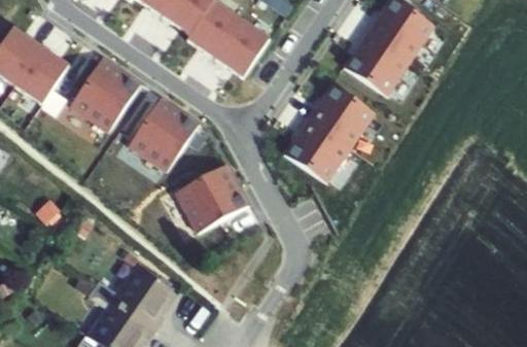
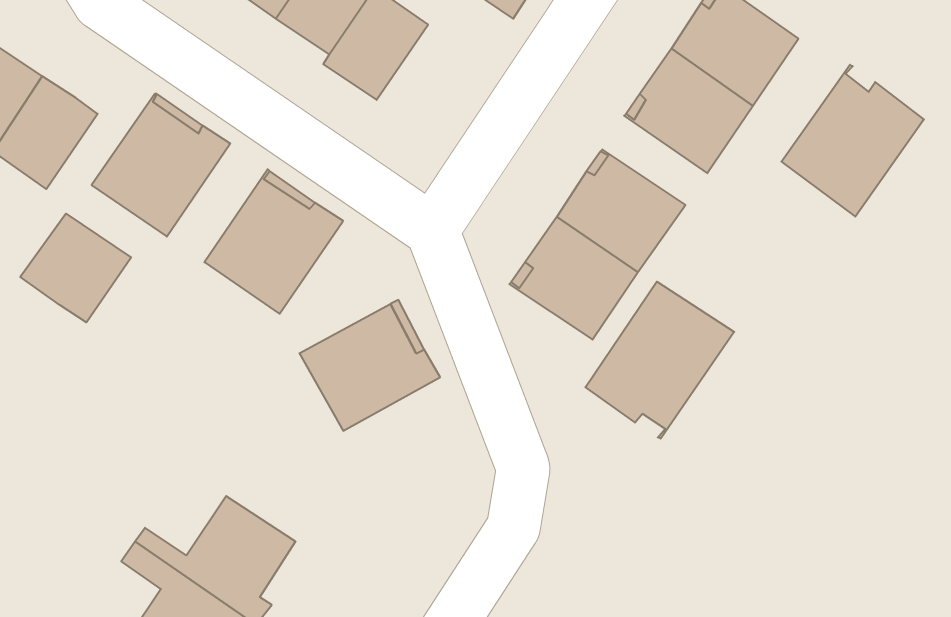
building: [214,19,270,77] -> none
building: none -> [781,65,924,217]
building: none -> [20,214,131,322]
building: none -> [585,282,734,439]

